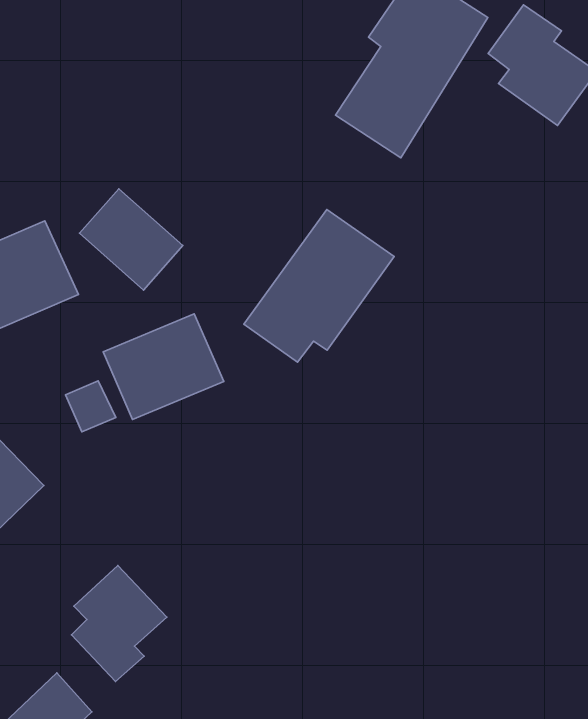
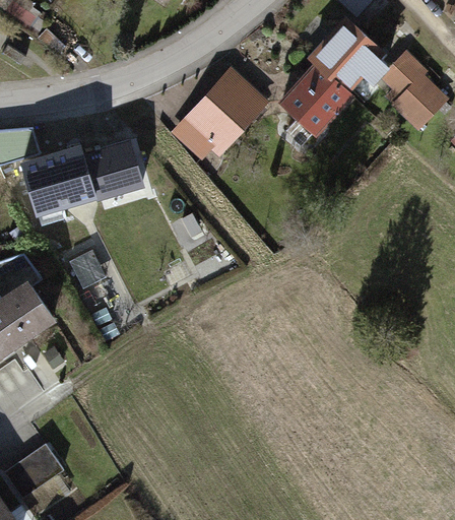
building: [244,209,394,362] -> [169,67,272,164]
building: [103,314,224,420] -> none
building: [71,566,167,681] -> none

